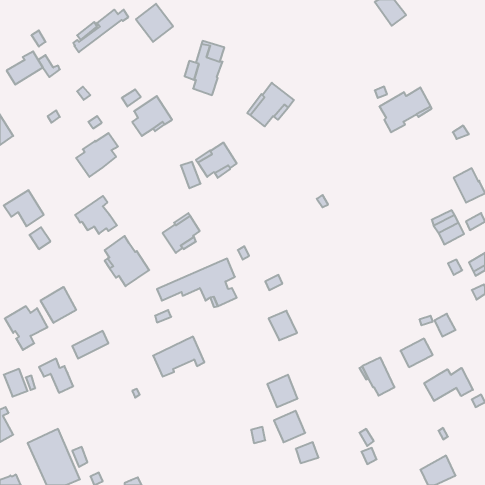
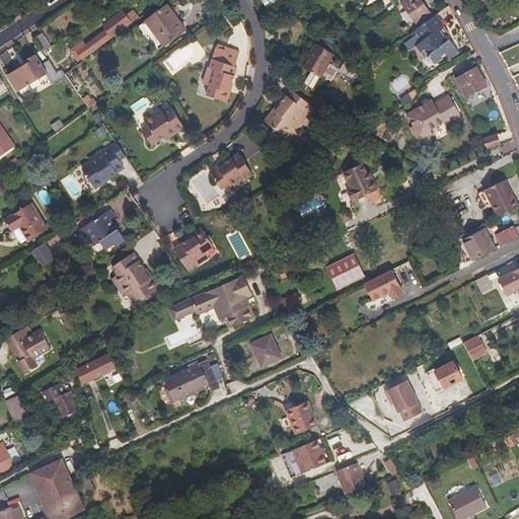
building: none -> [407,14,458,63]
building: none -> [303,43,333,77]
building: none -> [454,66,487,98]
building: none -> [342,162,377,201]
building: none -> [324,254,363,290]
building: none -> [363,269,402,300]
building: [41,287,76,323] -> none
building: [269,311,297,340] -> [250,335,281,366]
building: [424,368,473,401] -> none
building: none -> [336,462,365,494]

